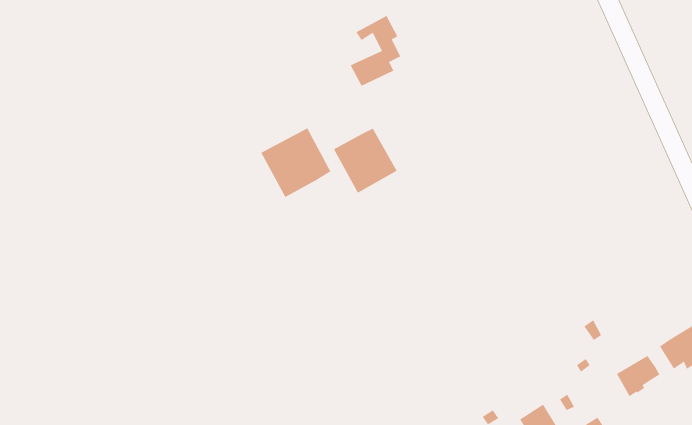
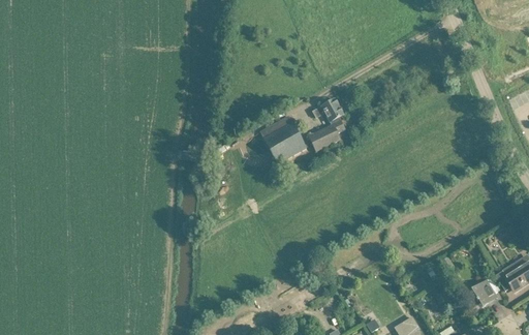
building: [350,15,401,87] -> [308,98,345,150]
building: [260,127,331,198] -> none

